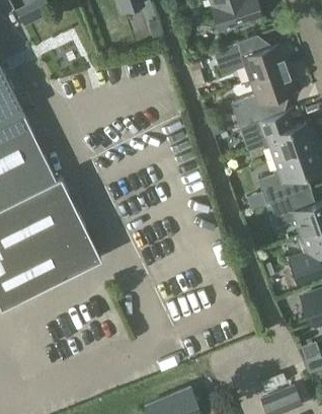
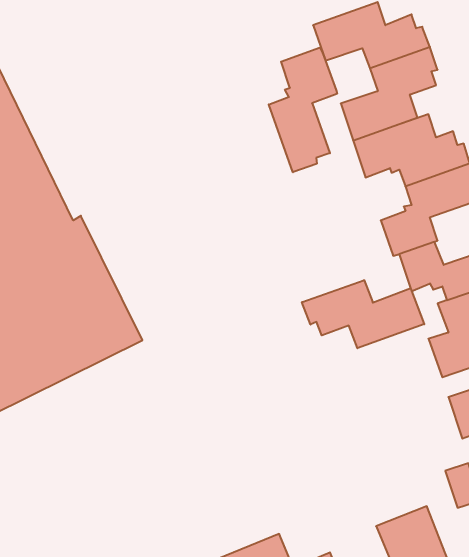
building: none -> [269,47,337,172]
building: none -> [302,280,424,348]

